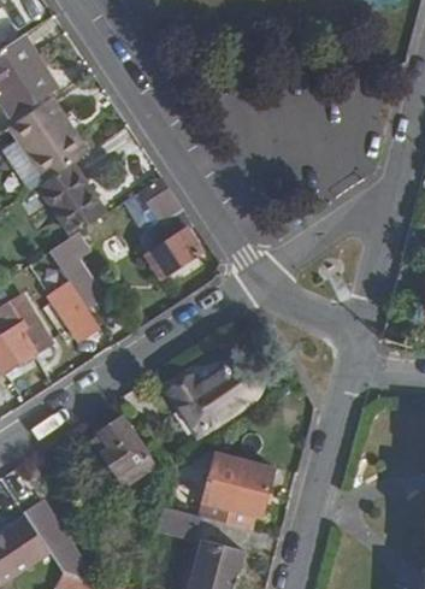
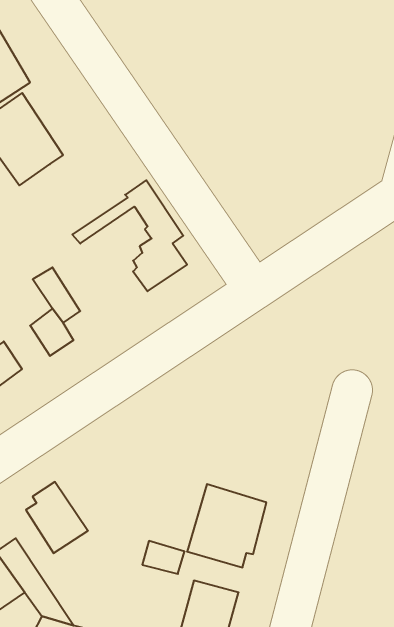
building: [36,161,106,236] -> none
building: [167,359,258,432] -> none
building: [94,418,150,483] -> [26,482,88,553]

